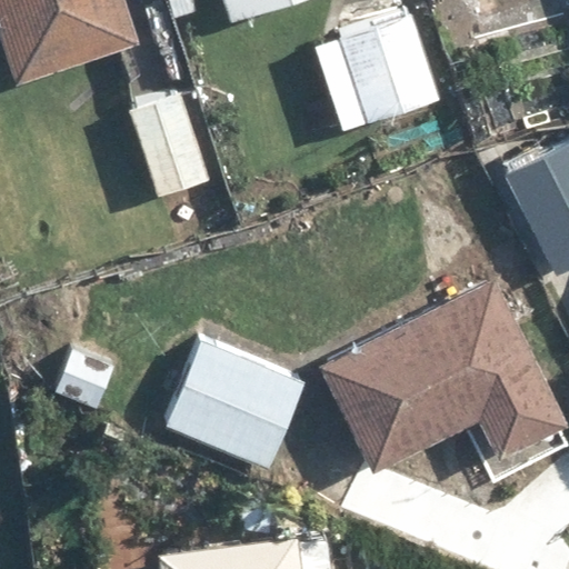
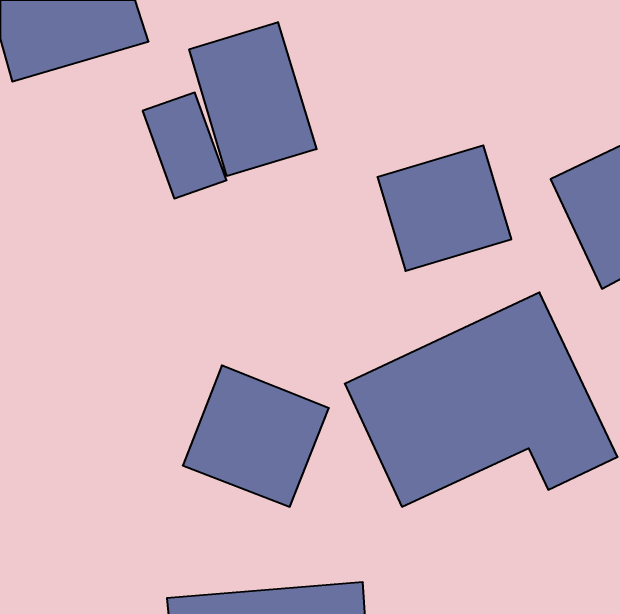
building: [316,17,438,131] -> [377,145,511,271]
building: none -> [189,22,317,176]

